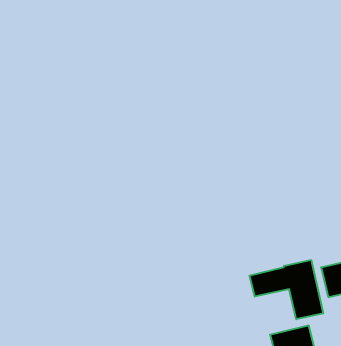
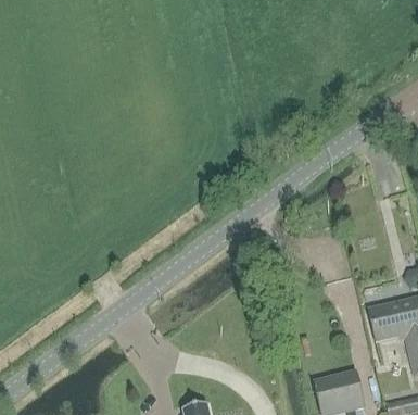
building: [250,260,323,319] -> none

